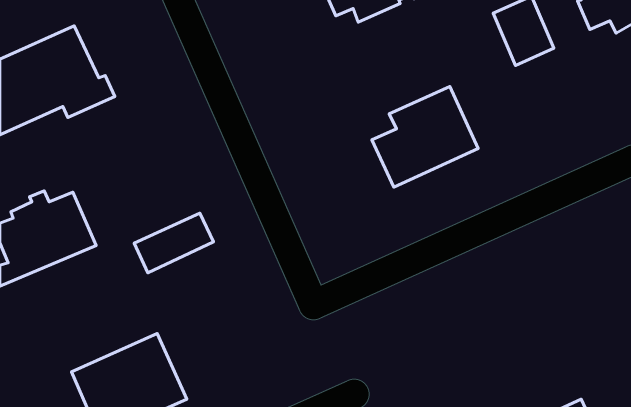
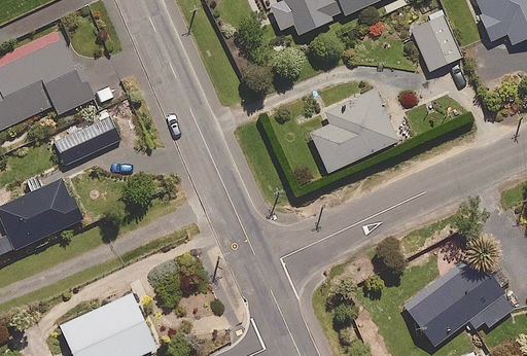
building: [134,213,213,273] -> [55,116,120,166]
building: none -> [405,241,514,346]

